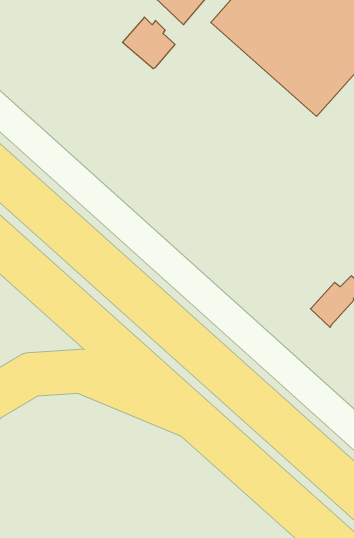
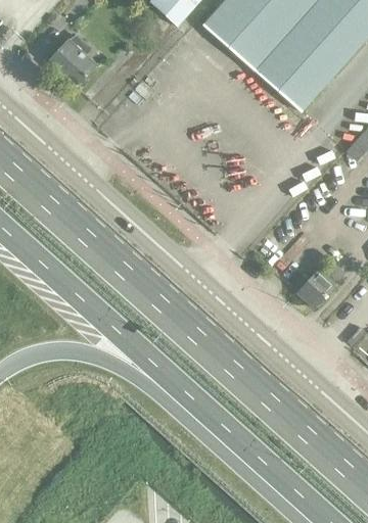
building: [122,17,175,69] -> [49,38,98,86]

